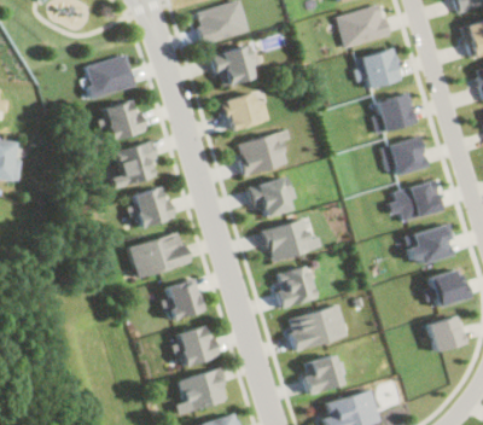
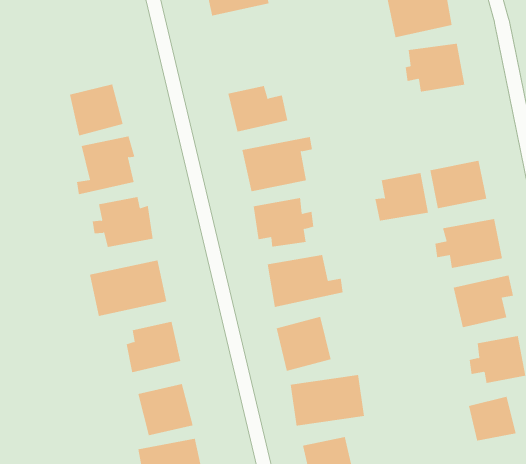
building: [211,45,254,87] -> none
building: [83,53,136,98] -> none
building: [373,93,415,133] -> [375,173,429,221]

